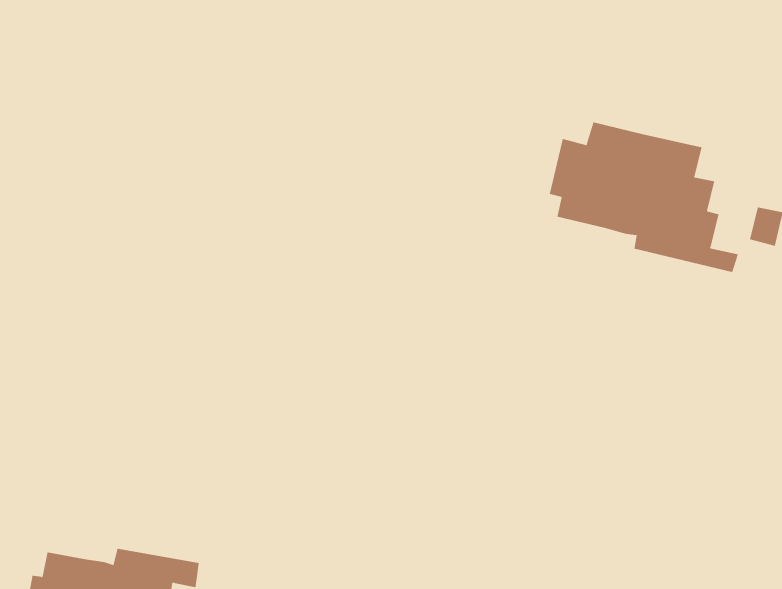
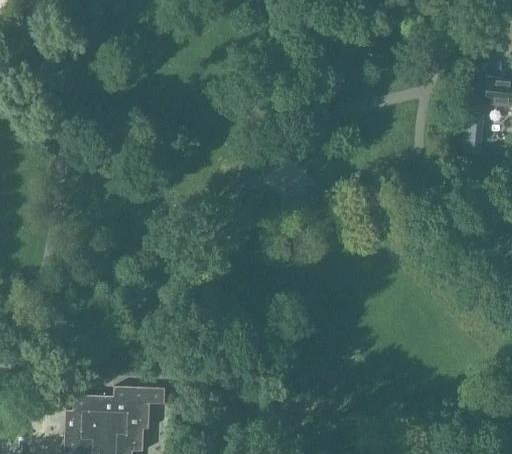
building: [549,122,739,273] -> none

